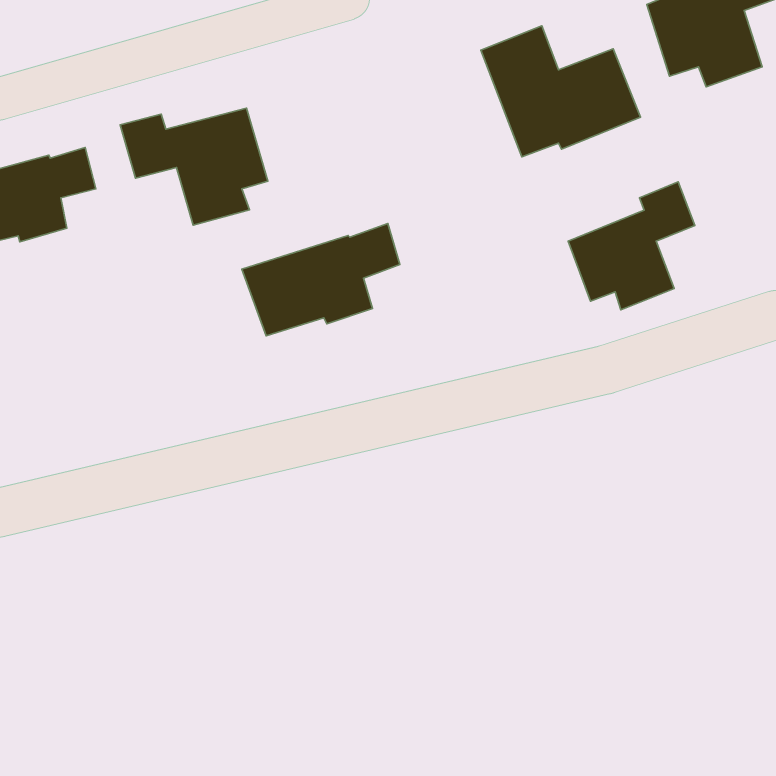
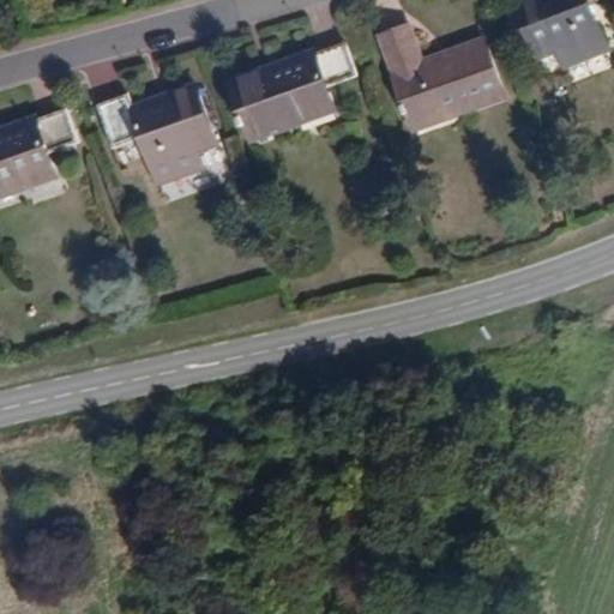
building: [568,182,695,310] -> none
building: [242,223,400,336] -> [229,47,354,136]

